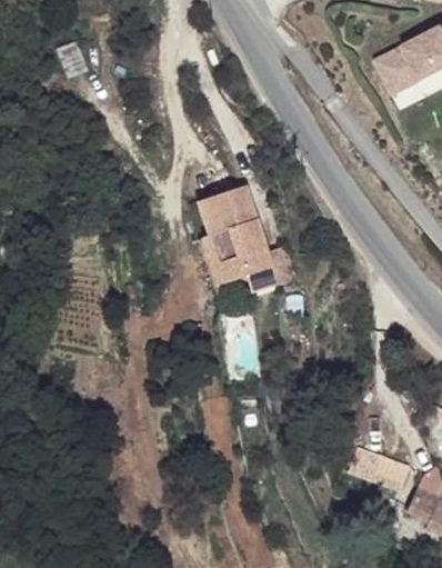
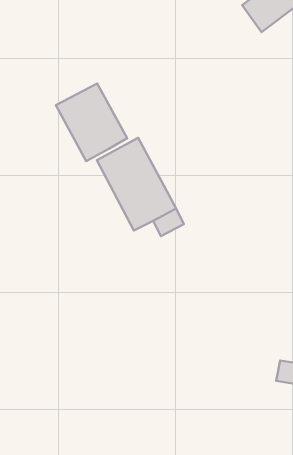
building: none -> [56,84,127,161]

